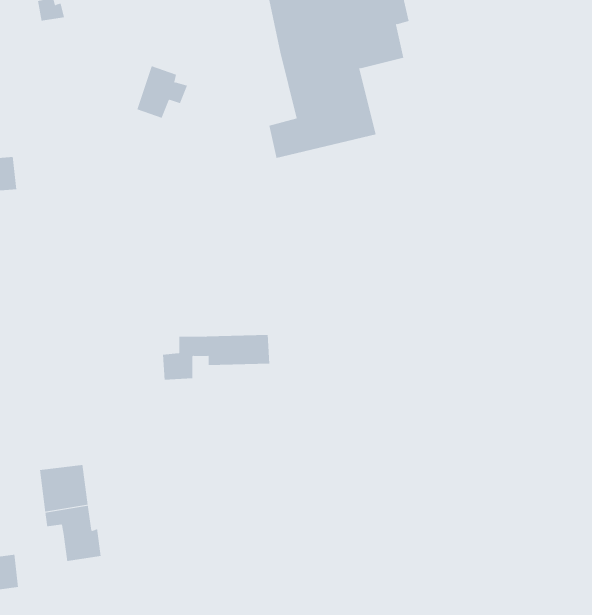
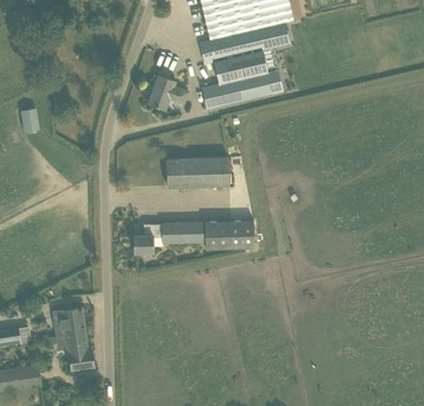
building: [136,65,188,119] -> [148,75,182,109]
building: none -> [166,157,229,186]
building: none -> [204,221,254,248]

